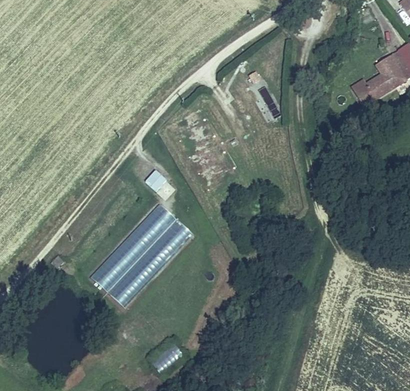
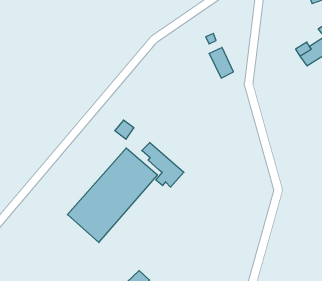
building: none -> [142,142,184,187]

